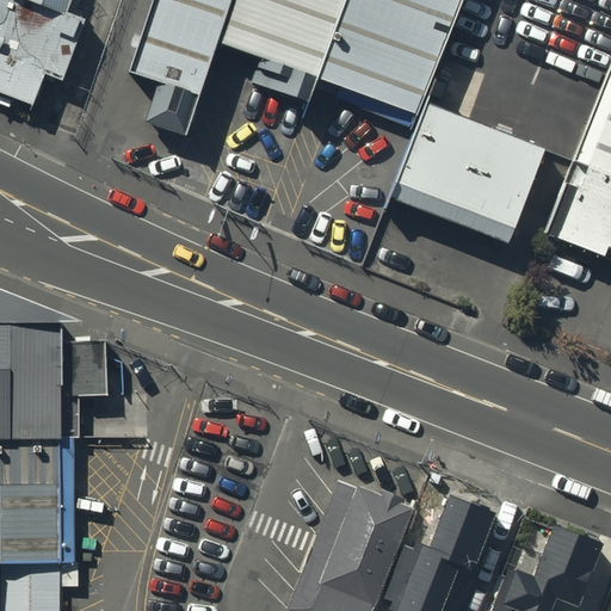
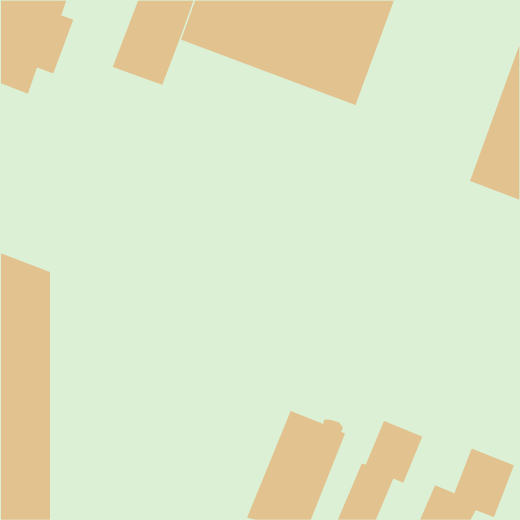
building: [389,111,539,242] -> none
building: [63,340,107,395] -> none

